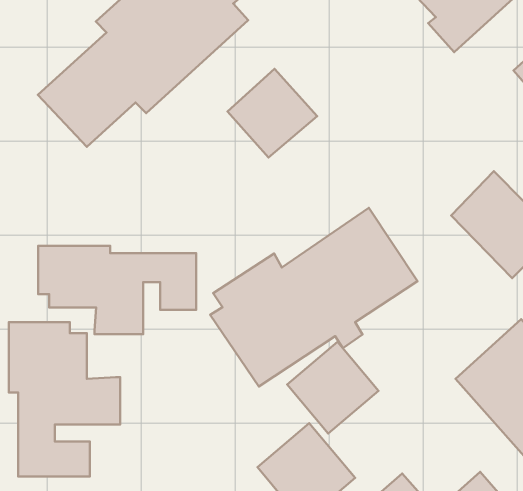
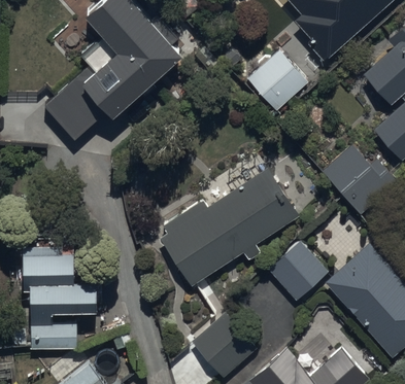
building: [227,69,317,157] -> [248,51,309,111]
building: [38,246,196,334] -> none
building: [287,342,379,433] -> [268,240,330,302]

